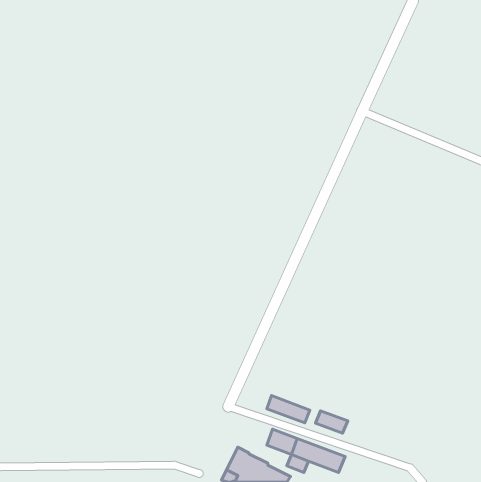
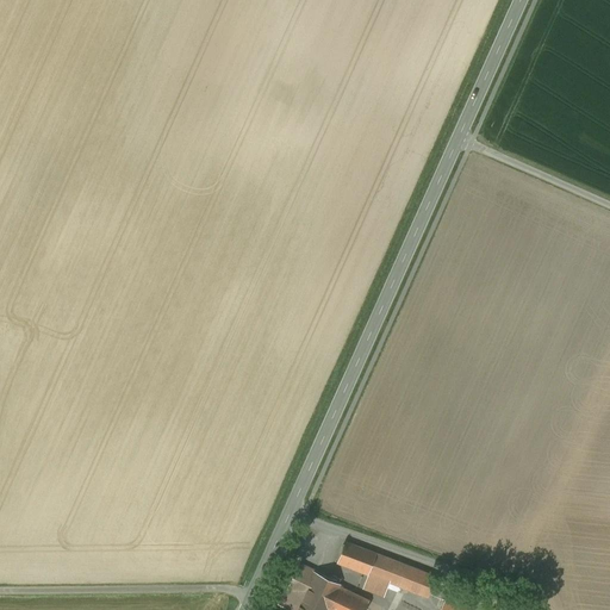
building: [267,395,310,423] -> none
building: [315,411,348,433] -> none

